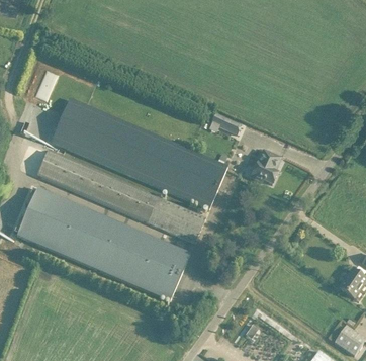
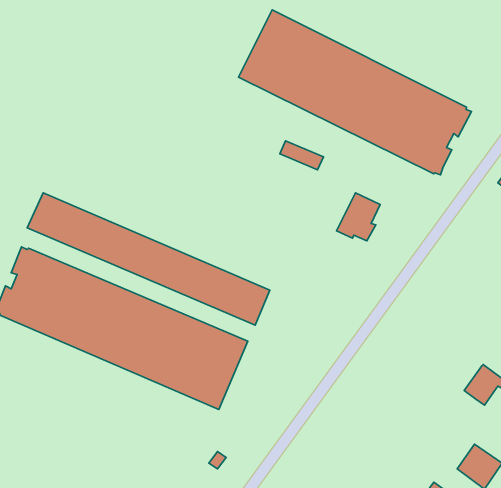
building: none -> [239,10,472,175]
building: [52,99,227,209] -> none

